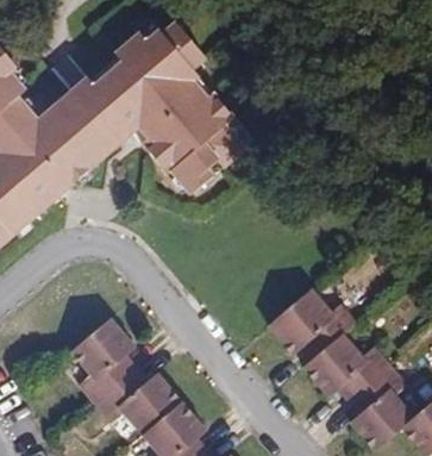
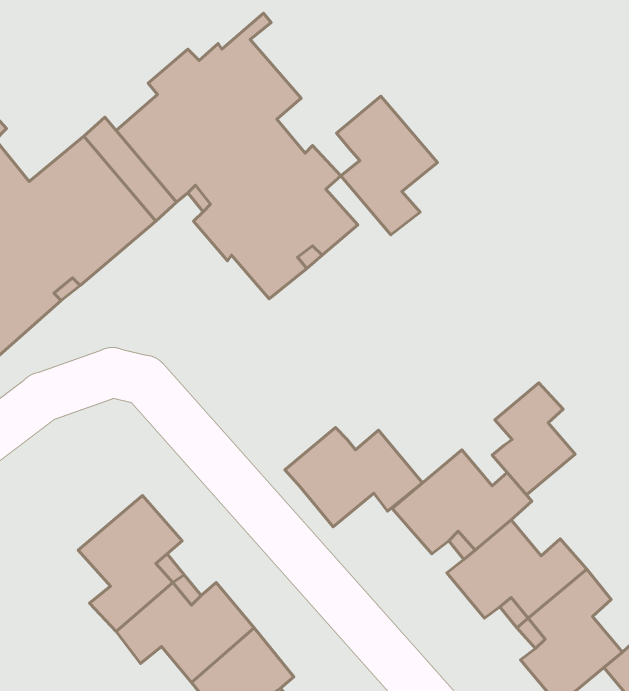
building: none -> [337,96,437,235]
building: none -> [492,383,575,495]
building: none -> [285,427,423,527]

